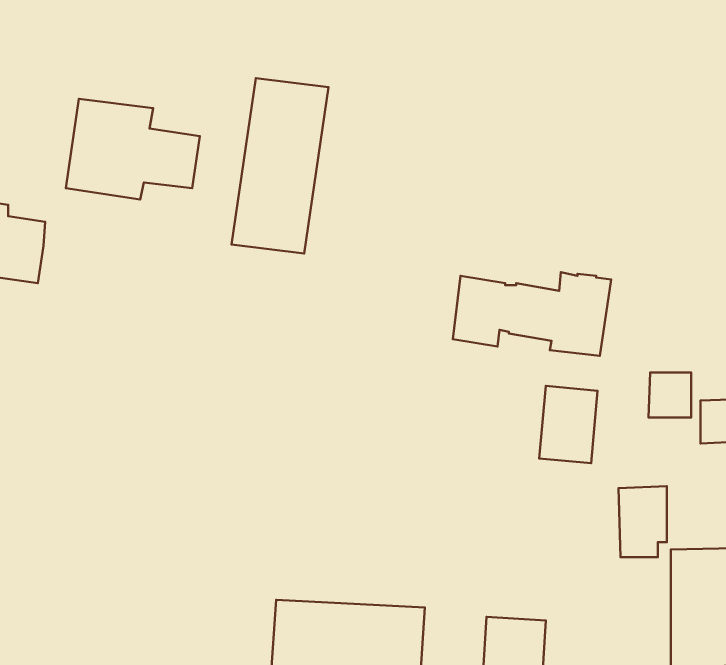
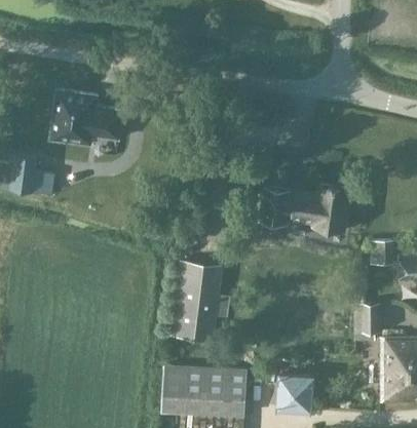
building: [232,78,328,253] -> none
building: [539,386,598,463] -> none
building: none -> [169,261,230,343]

